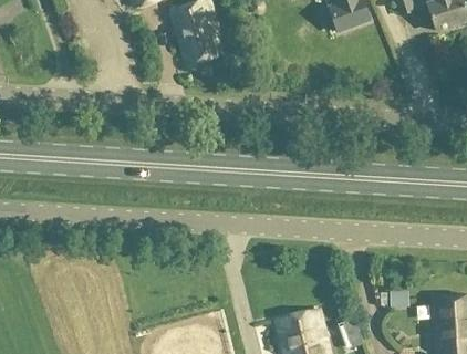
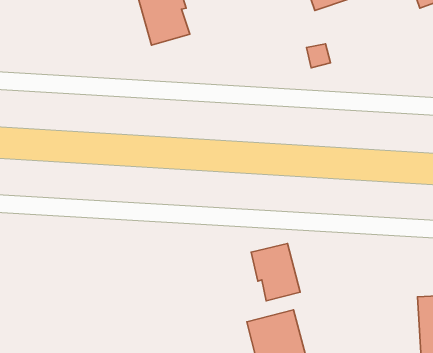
building: none -> [251,243,300,301]

